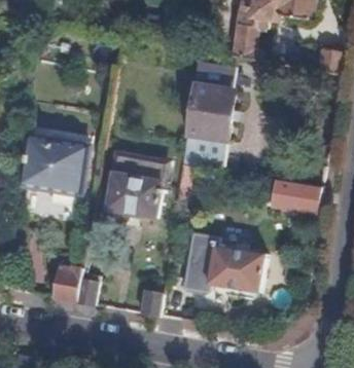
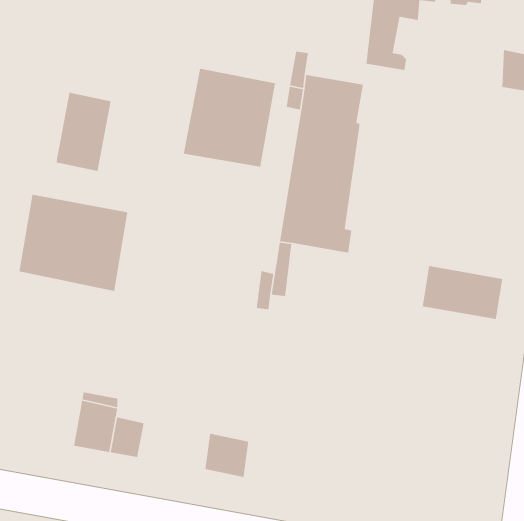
building: none -> [55,92,112,172]
building: [106,155,164,217] -> [183,68,276,167]
building: [182,231,264,293] -> none

